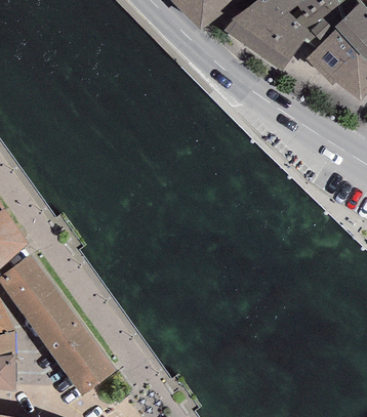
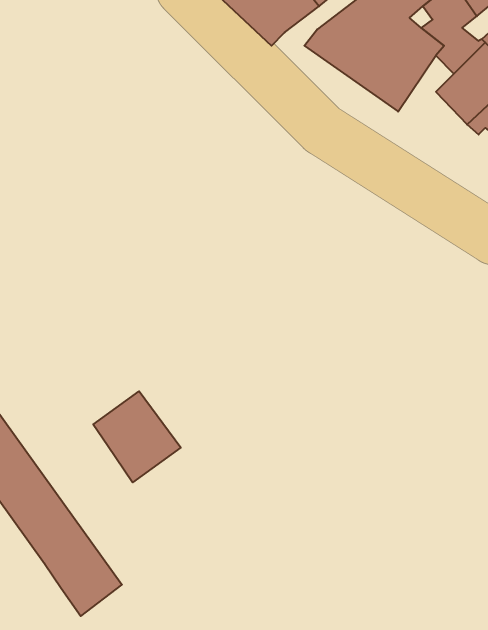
building: none -> [93,391,181,482]

